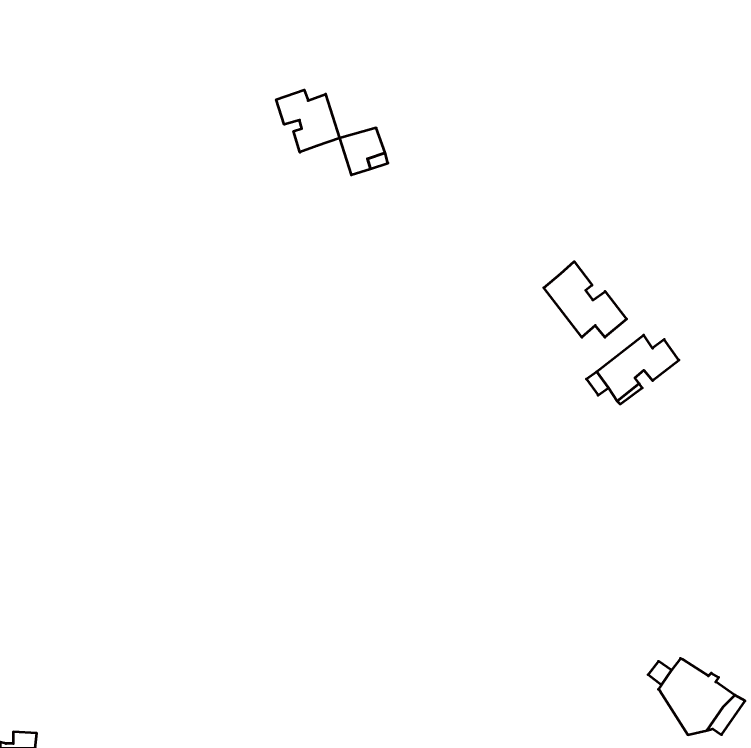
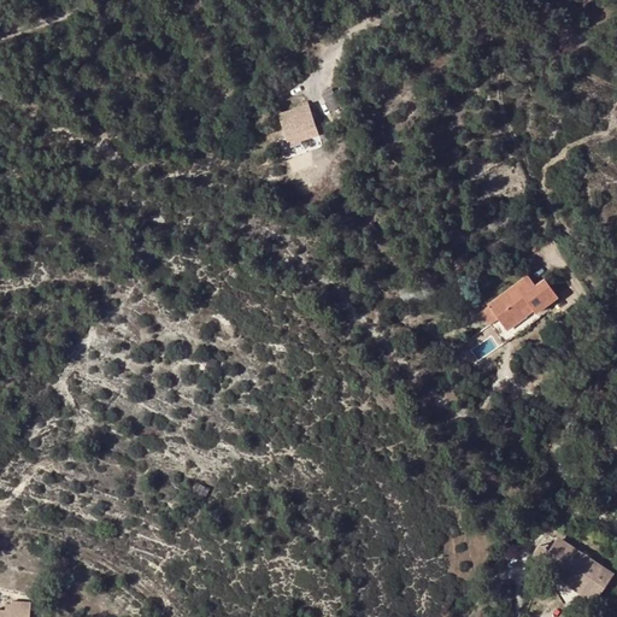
building: [276,90,339,152] -> none
building: [544,262,627,337] -> none

